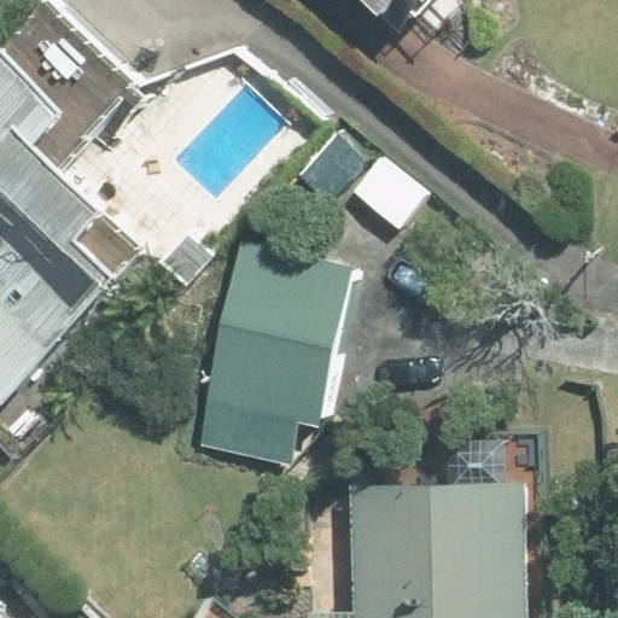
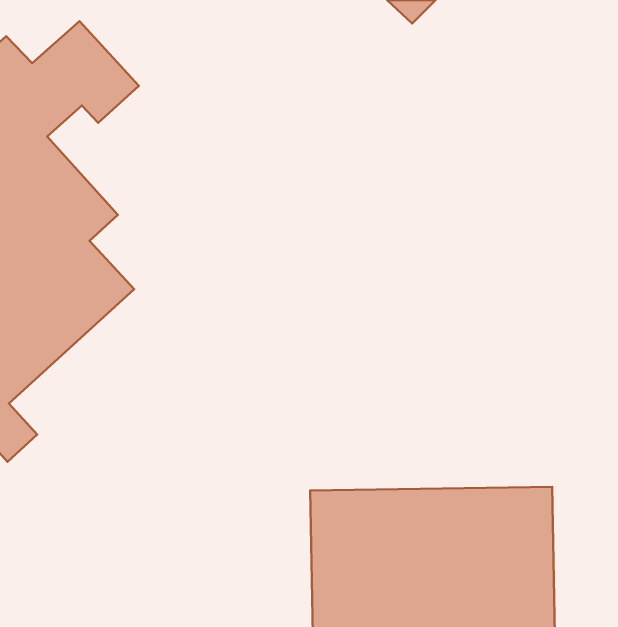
building: [192,239,355,474] -> none

